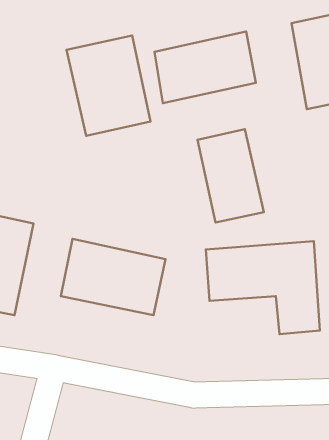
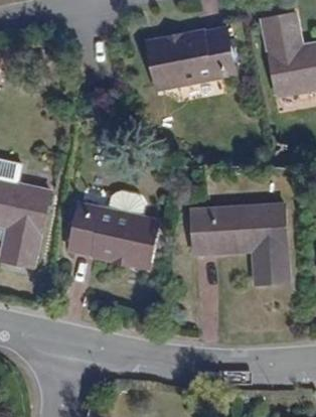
building: [67,36,150,136] -> none
building: [198,129,264,223] -> none

